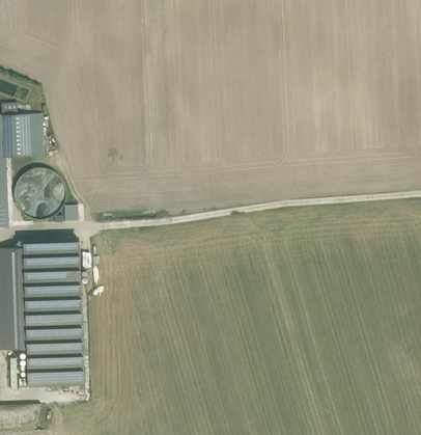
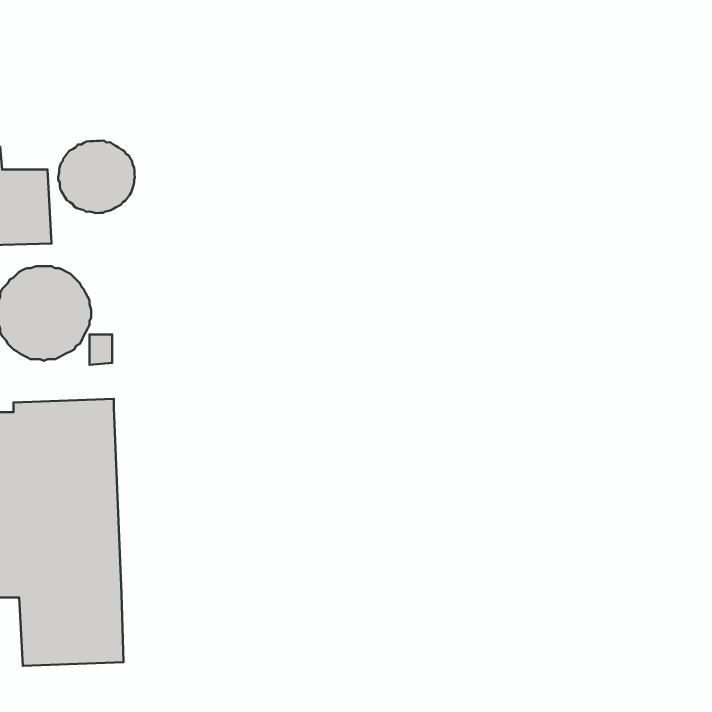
building: none -> [58,141,135,213]

